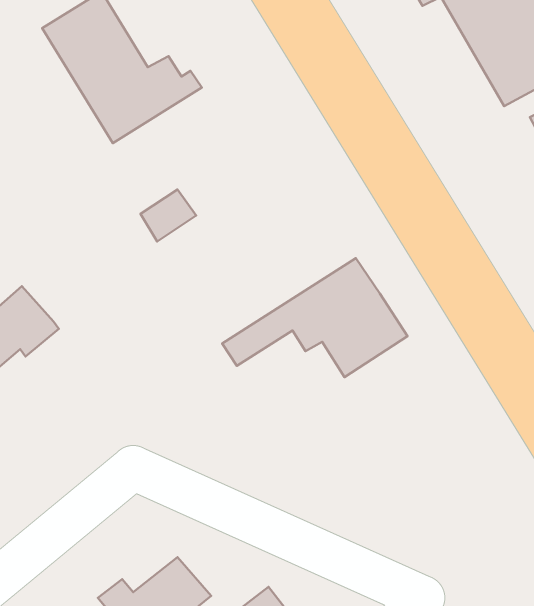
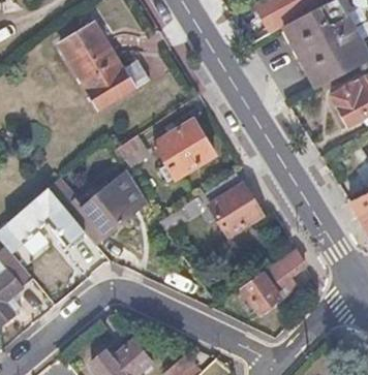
building: none -> [152,119,213,178]
building: none -> [65,170,143,245]
building: none -> [240,248,304,314]

